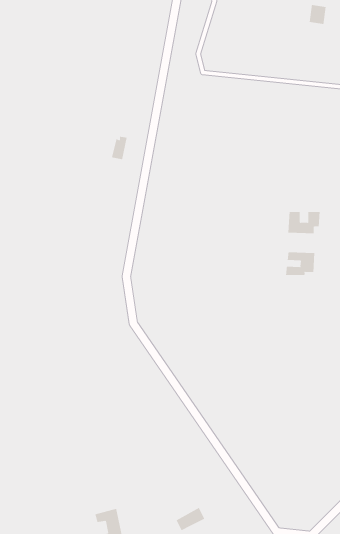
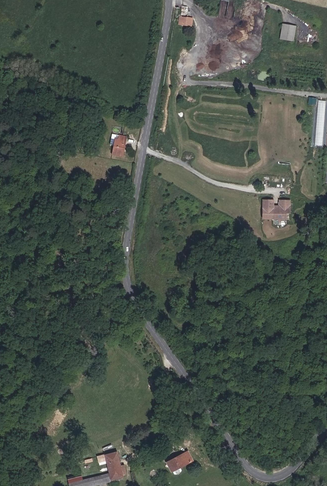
building: [285,251,315,276] -> none

